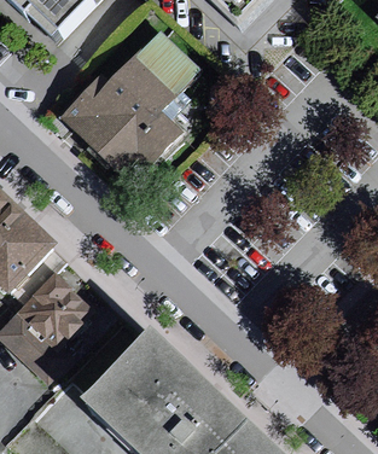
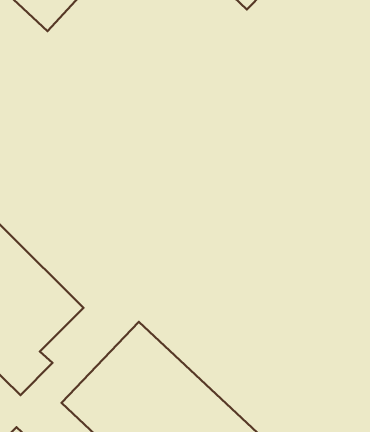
building: [54,34,199,174] -> none

